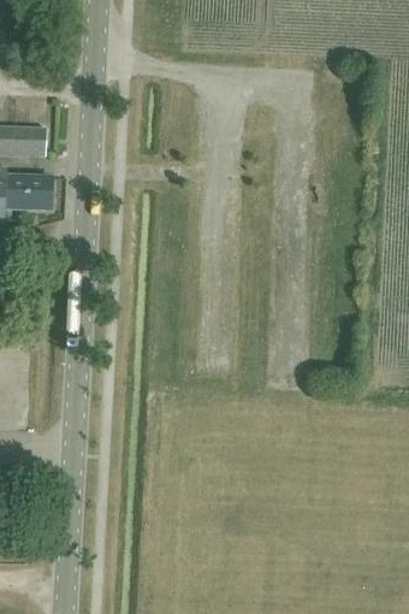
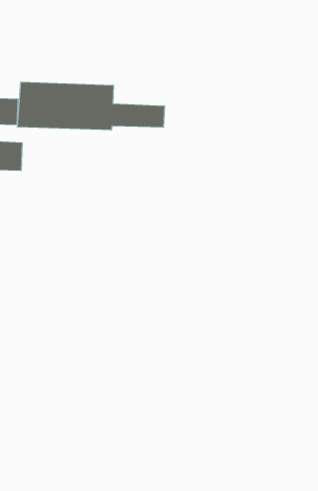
building: none -> [17,82,165,130]

